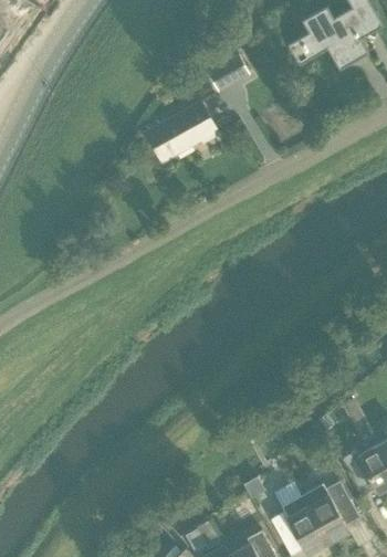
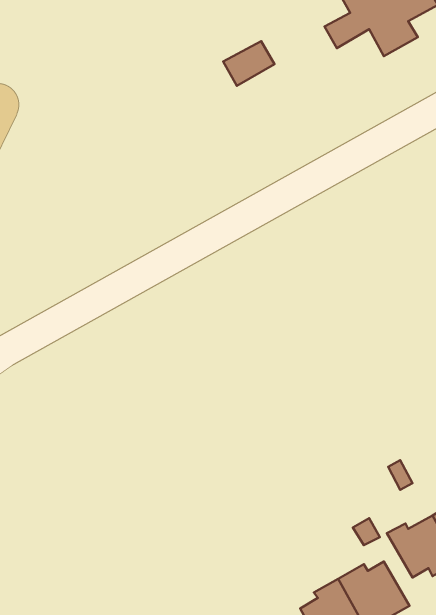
building: [145,102,217,160] -> none

